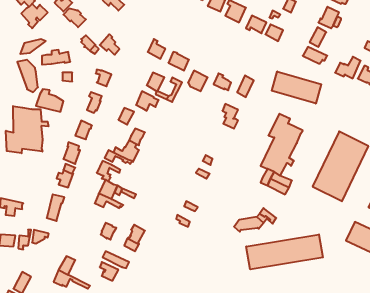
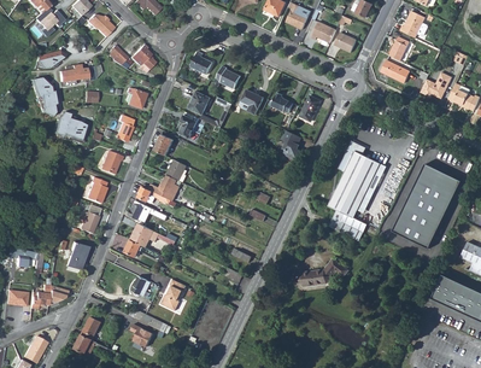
building: [272,71,321,104] -> none
building: [6,106,48,153] -> none
building: [246,234,323,269] -> none

